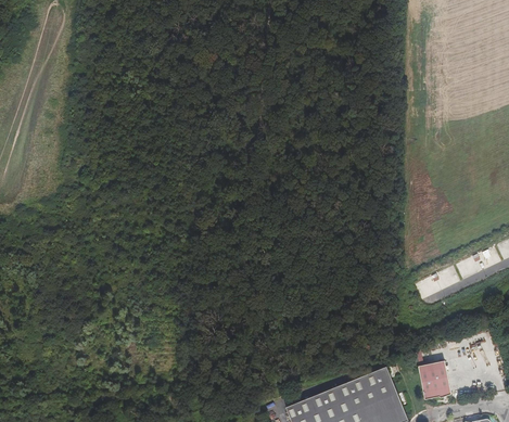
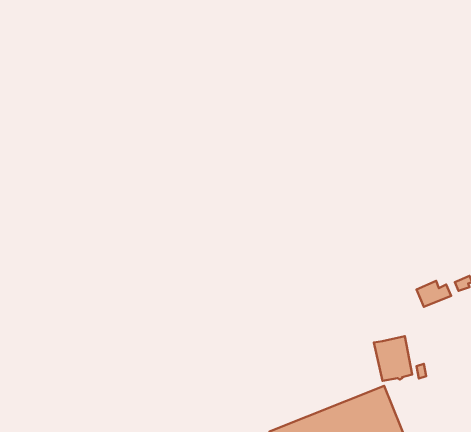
building: [417,360,450,399] -> [374,336,412,381]

